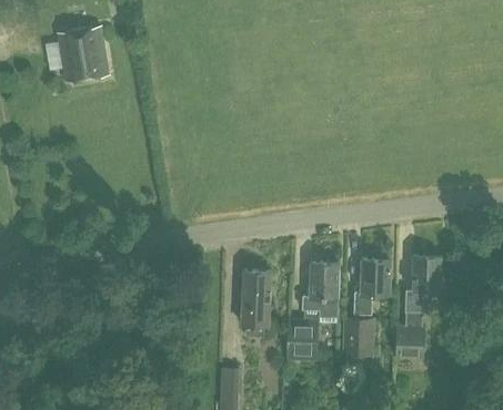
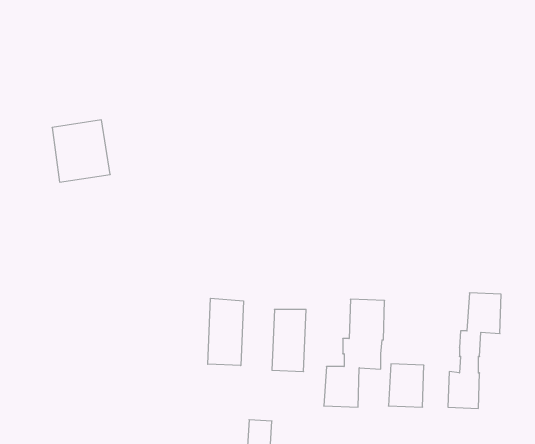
building: [58,28,109,82] -> [52,120,110,182]
building: [352,260,390,314] -> none
building: none -> [208,298,243,366]

